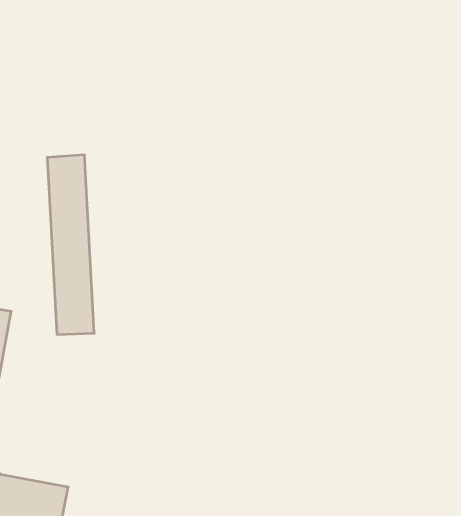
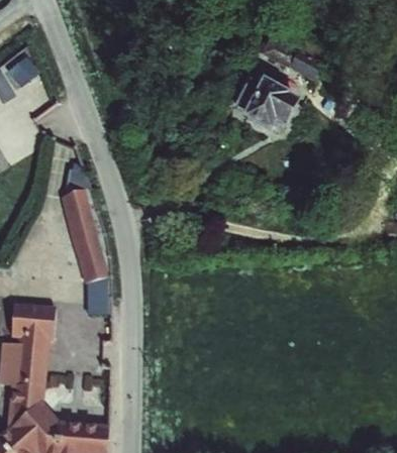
building: none -> [234,65,301,138]

